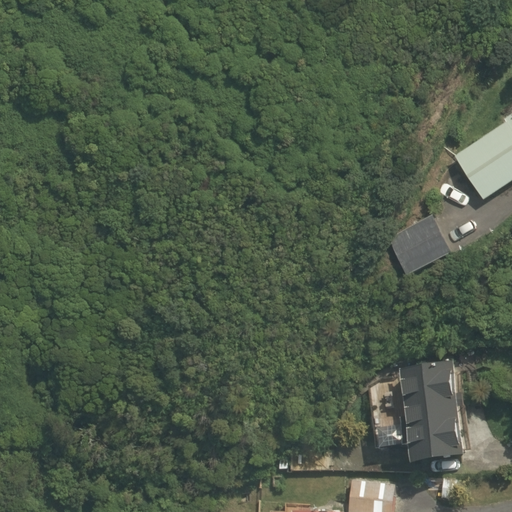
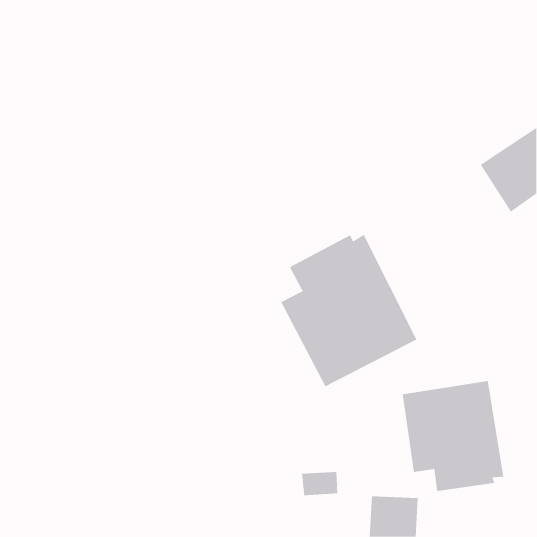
building: [386,214,451,276] -> none
building: none -> [281,234,417,387]

